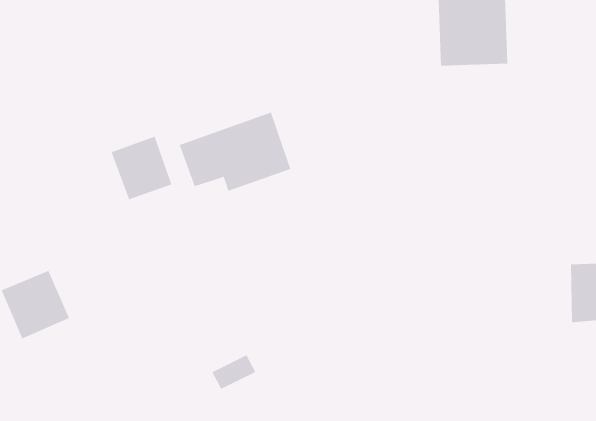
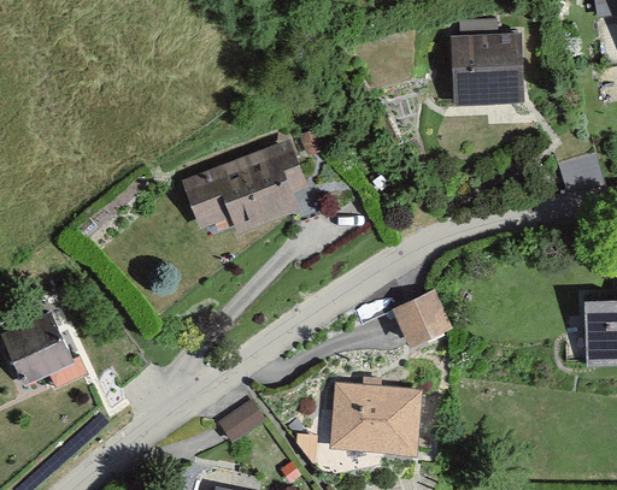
building: [111,136,172,200] -> none
building: none -> [395,293,451,343]
building: none -> [330,383,421,454]

